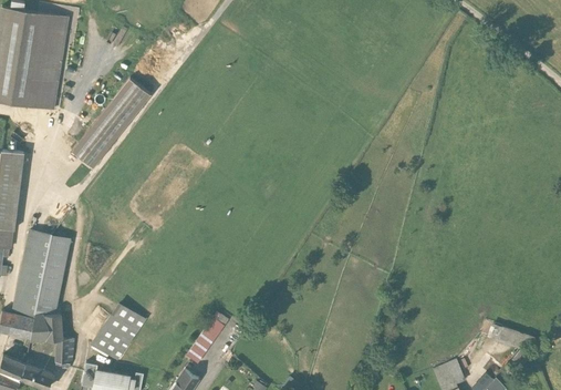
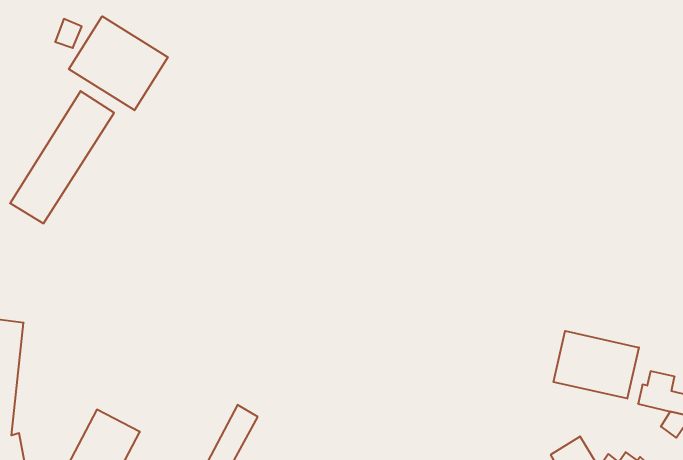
building: none -> [69,16,168,110]
building: none -> [553,331,639,399]

